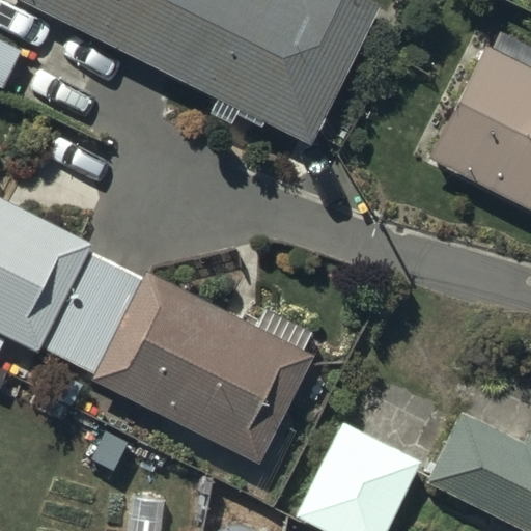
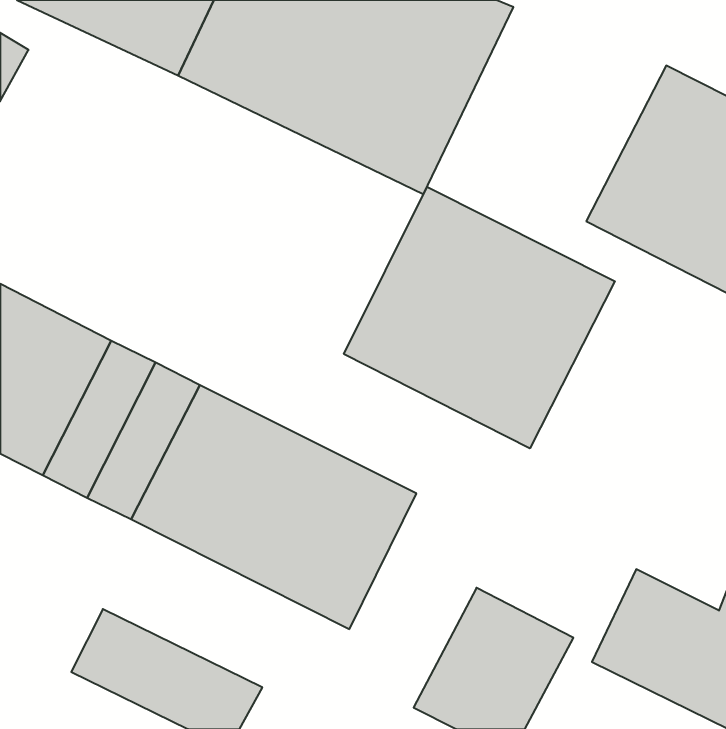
building: none -> [344,187,615,448]

